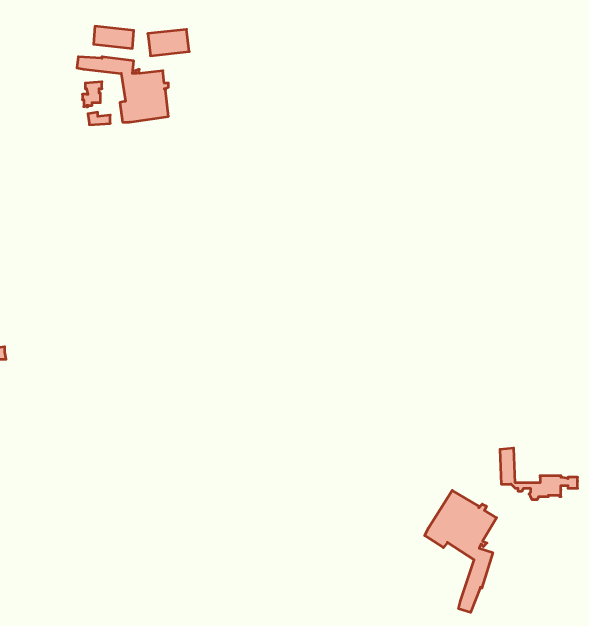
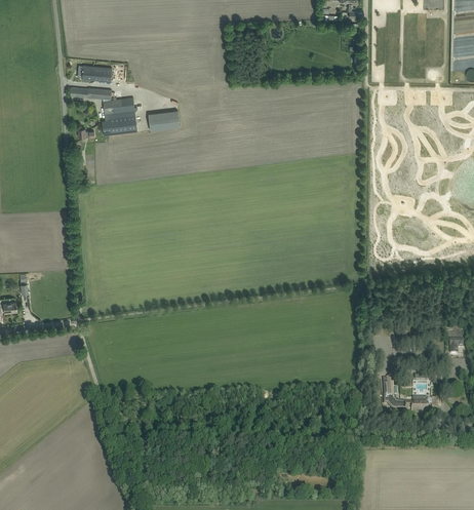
building: [148,29,189,56] -> [148,111,179,130]
building: [425,490,497,612] -> none

